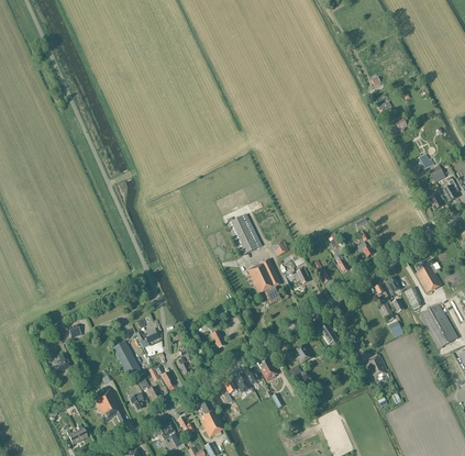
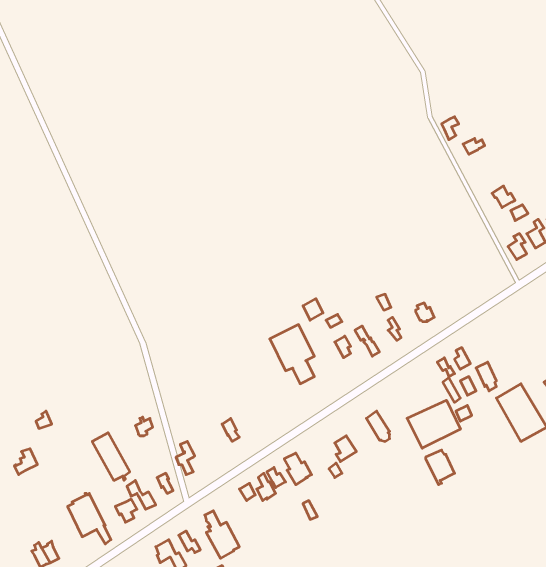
building: [225,214,261,255] -> none
building: [413,259,442,293] -> none
building: none -> [407,400,460,448]

